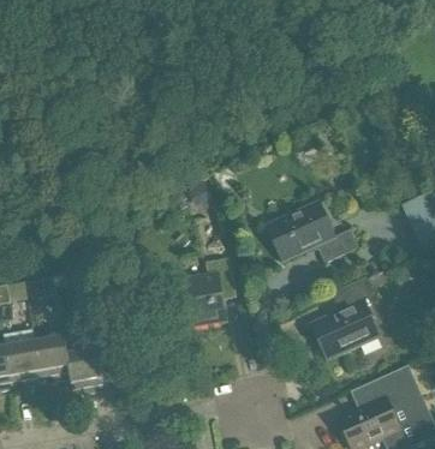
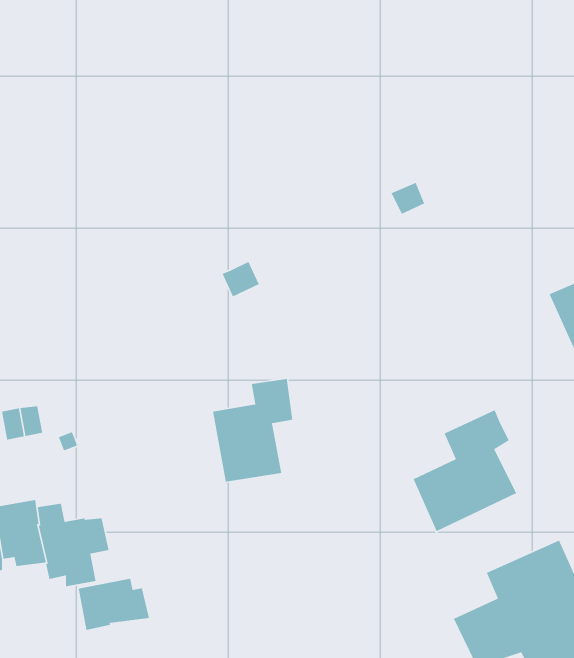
building: [266,202,357,263] -> none
building: none -> [78,578,150,631]

